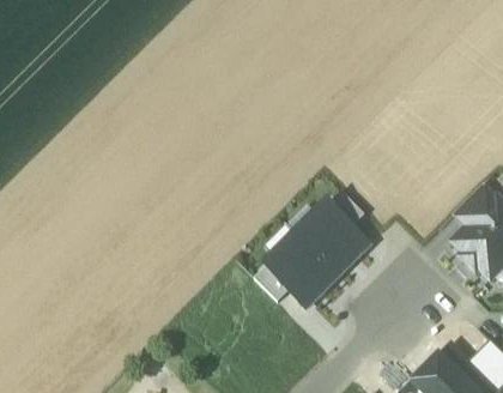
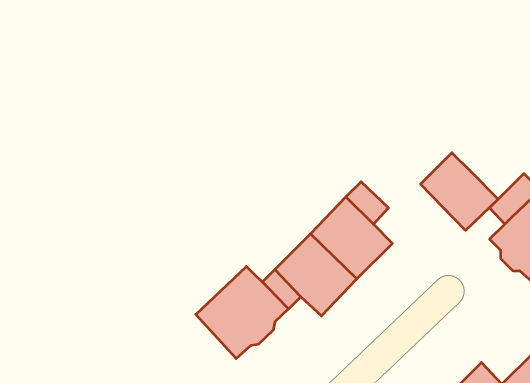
building: none -> [421,153,498,230]
building: none -> [196,266,288,359]

